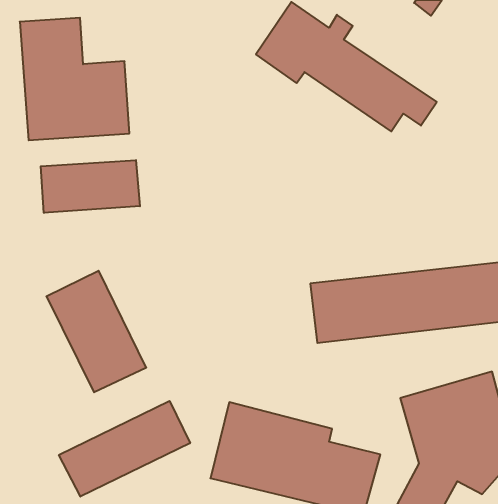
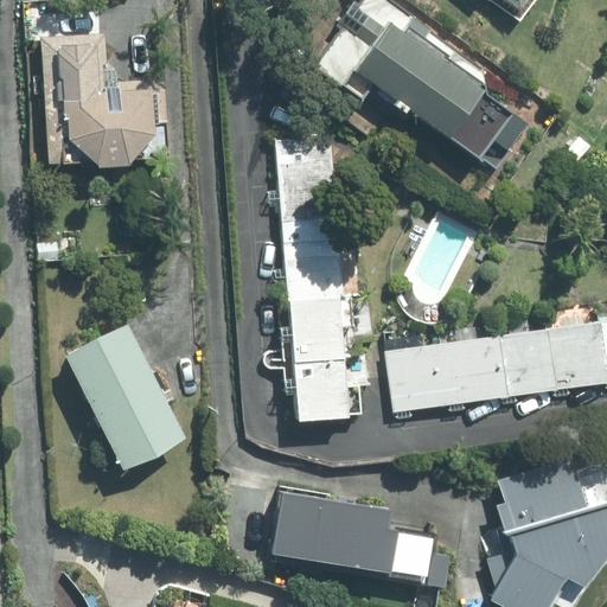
building: none -> [282,138,356,424]
building: [41,160,140,213] -> none
building: [59,401,190,497] -> none

